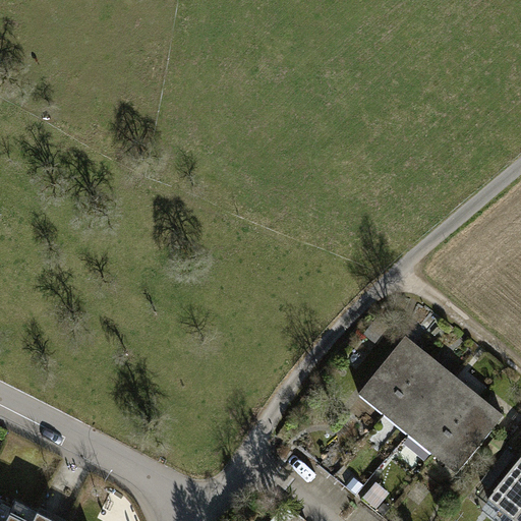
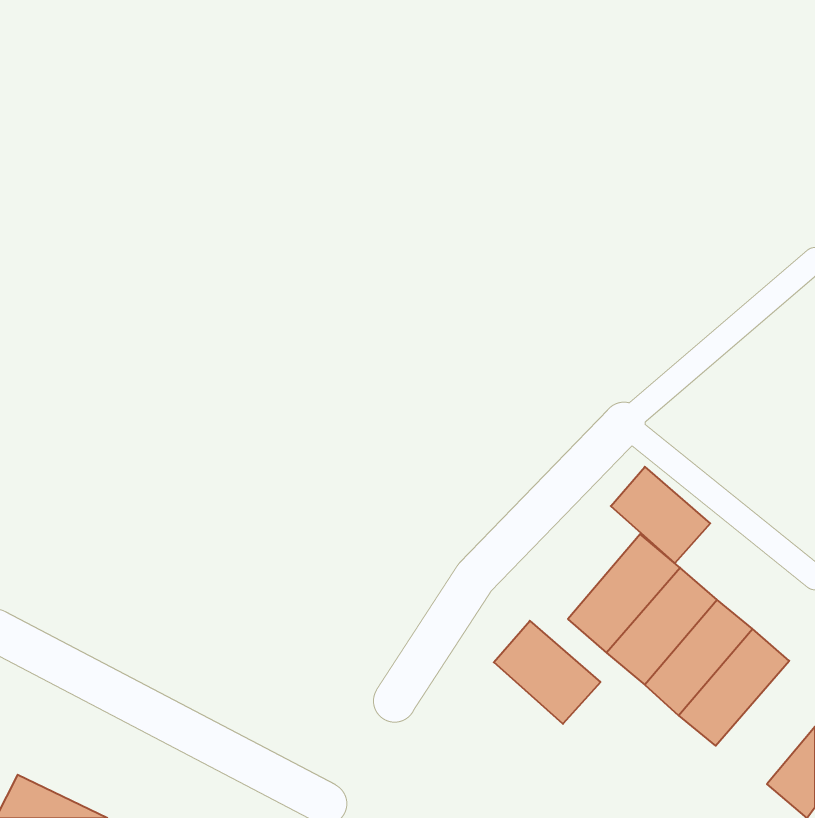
building: none -> [611,467,710,563]
building: none -> [494,621,600,724]

